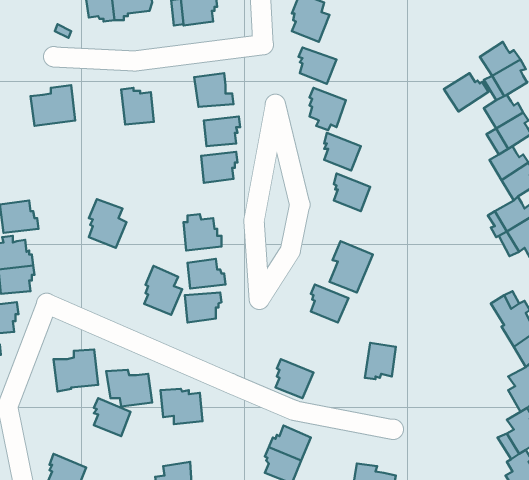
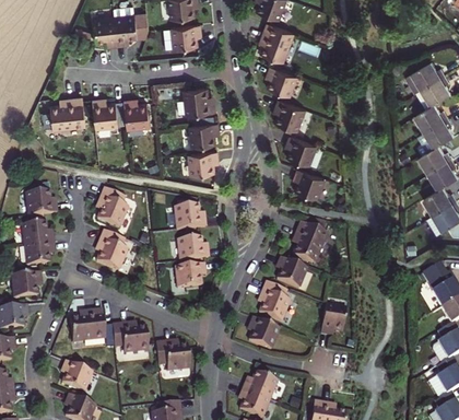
building: [444,73,489,111] -> none
building: none -> [93,97,118,127]
building: [144,266,182,315] -> [96,230,127,269]
building: none -> [258,281,289,322]
building: [94,398,131,436] -> [62,361,92,392]

